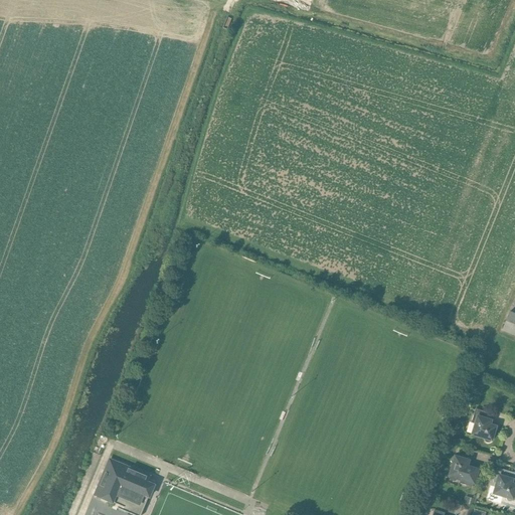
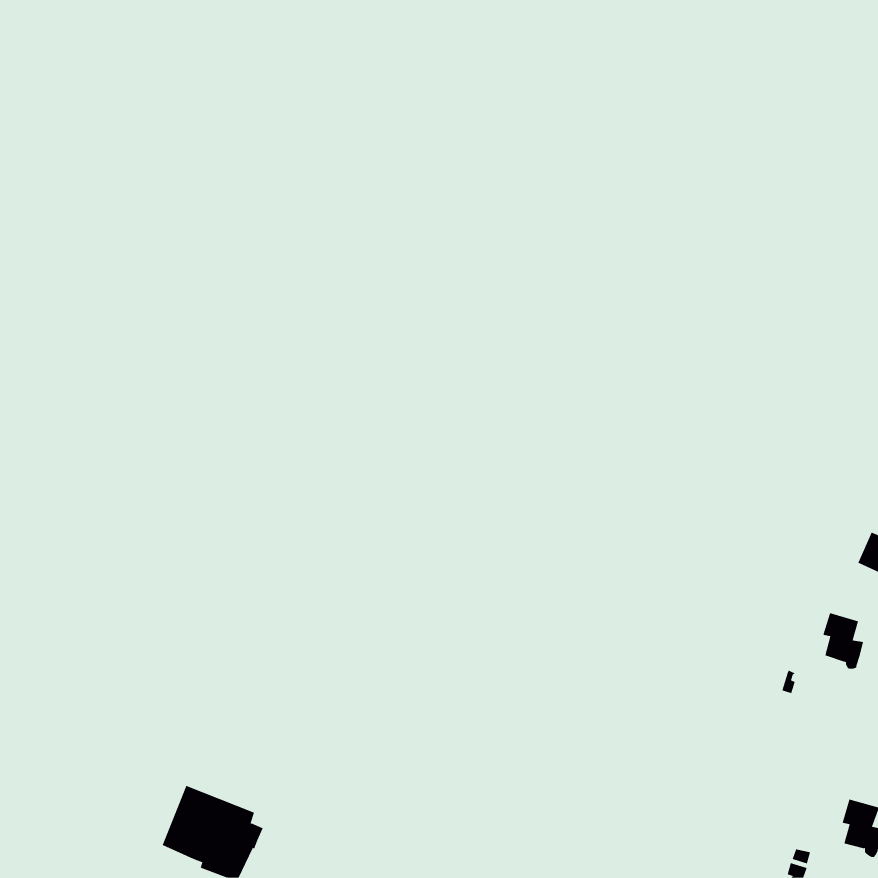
building: [472,408,496,442] -> [823,613,864,669]
building: [450,456,478,487] -> none

